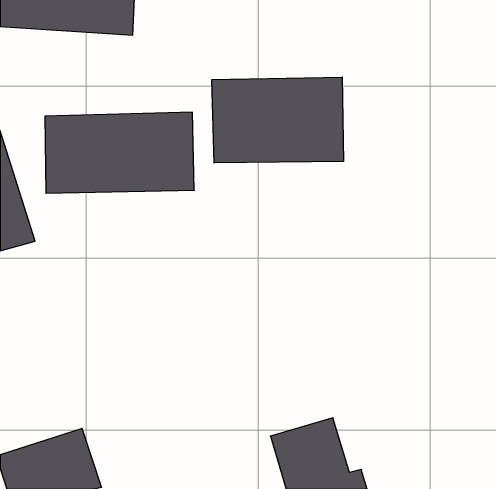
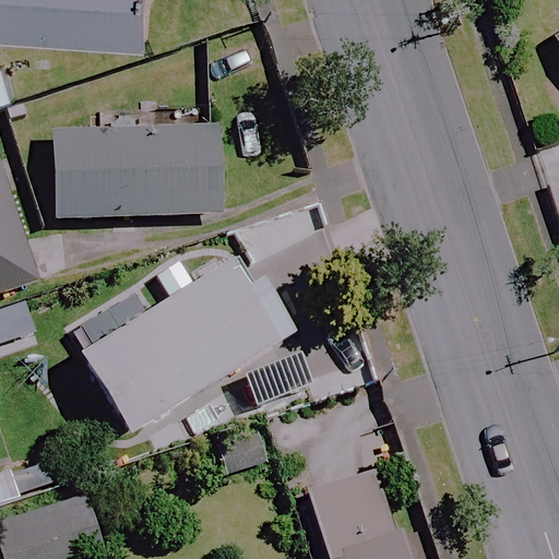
building: [212,77,344,163] -> none
building: none -> [79,257,290,435]

